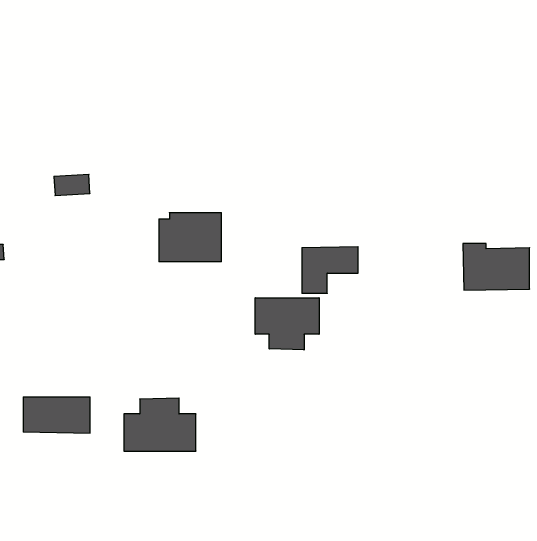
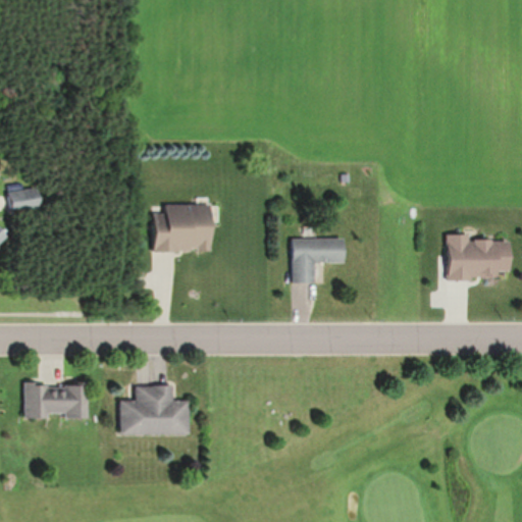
building: [54,174,90,196] -> [7,190,42,210]
building: [255,298,319,350] -> none

